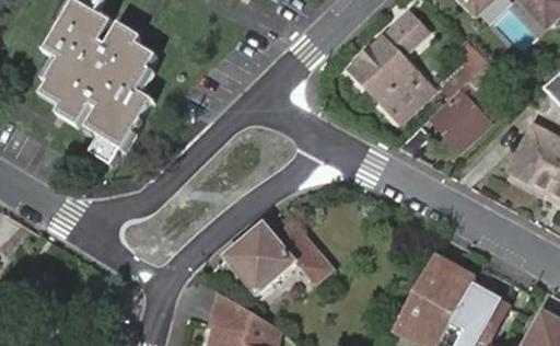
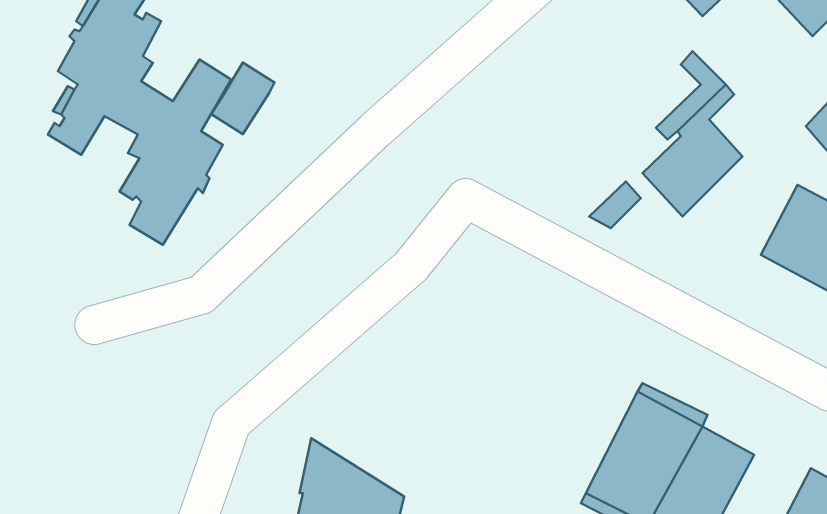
building: [350,11,431,116] -> none
building: [104,23,145,70] -> [211,62,274,134]
building: [61,80,102,125] -> none
building: [225,221,331,290] -> none

